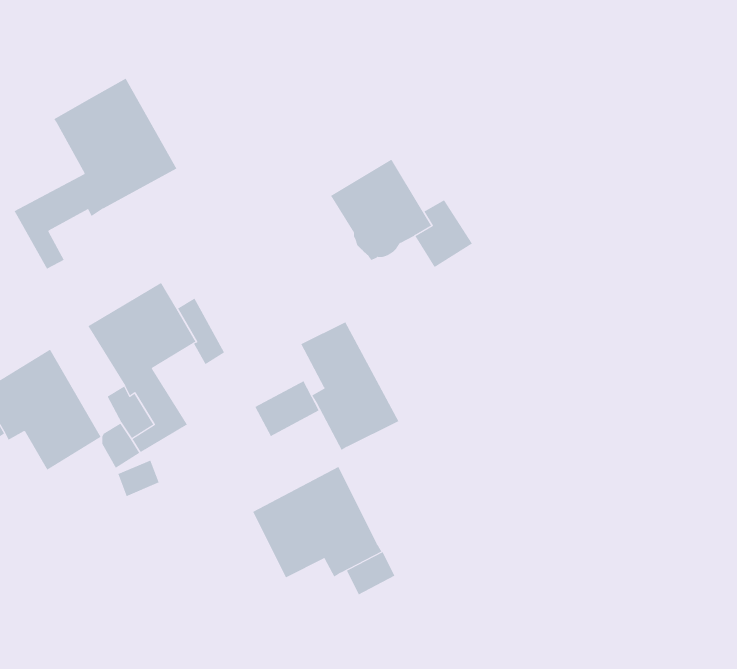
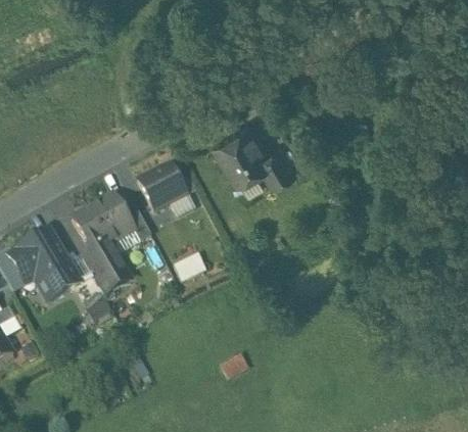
building: [14,78,177,269] -> none
building: none -> [137,164,186,212]
building: [301,322,399,451] -> none
building: [252,466,382,578] -> none

